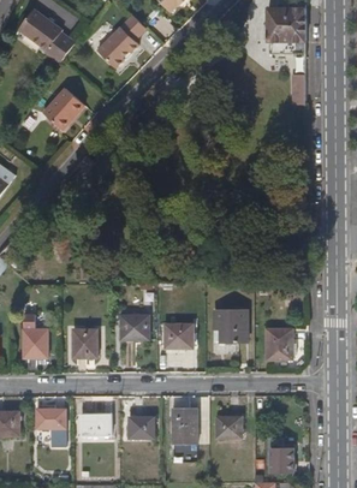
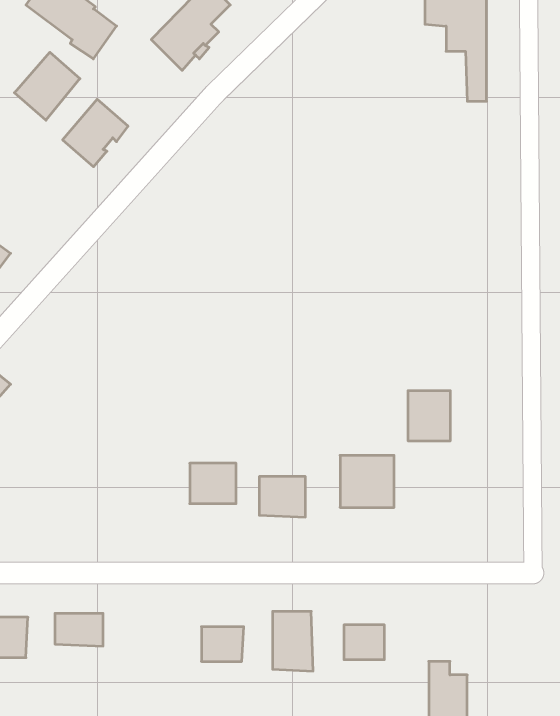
building: none -> [14,52,80,120]
building: [266,328,292,359] -> [408,391,450,441]
building: [23,329,47,357] -> none
building: [72,329,97,358] -> none
building: [82,415,111,435] -> none

